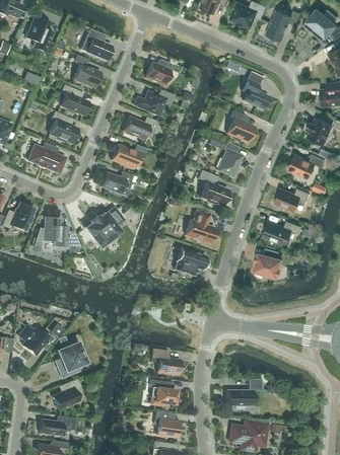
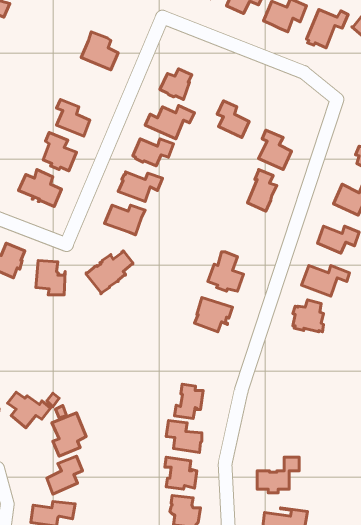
building: [26,14,54,52] -> none
building: [74,55,100,87] -> none
building: [243,79,269,109] -> [217,101,249,138]
building: [198,169,228,205] -> none
building: none -> [174,384,203,418]

